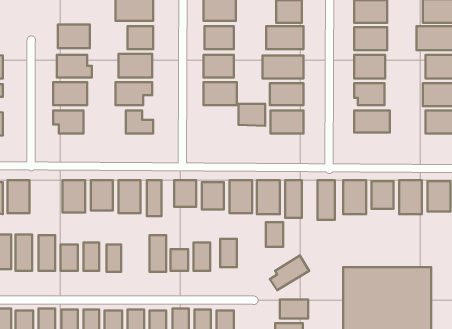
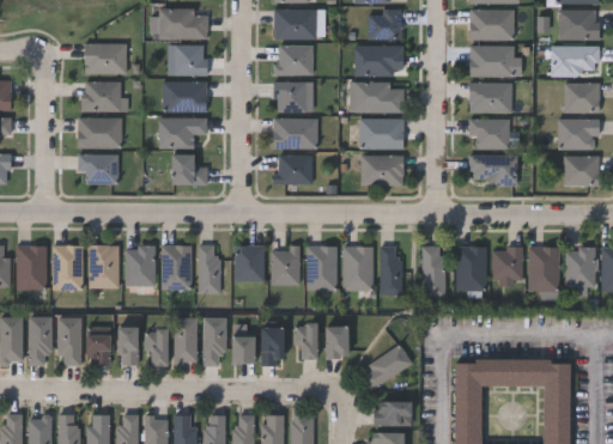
building: [239,104,265,126] -> [277,156,311,184]
building: none -> [54,247,84,290]
building: [266,222,283,247] -> [324,327,347,359]
building: none -> [174,318,196,364]

